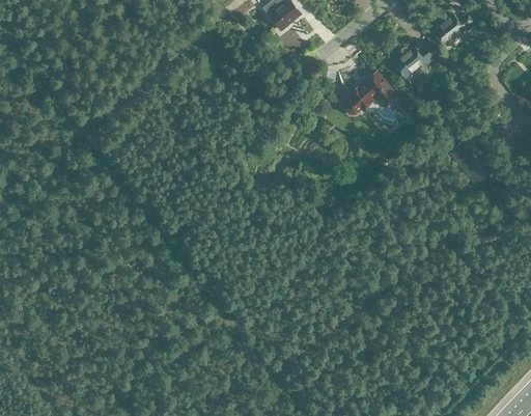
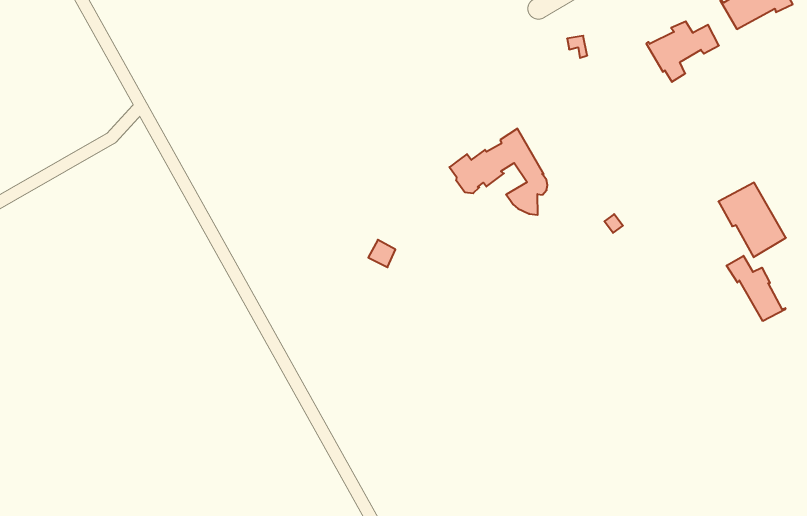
building: [338,72,398,121] -> [449,129,547,215]
building: none -> [727,256,785,321]

